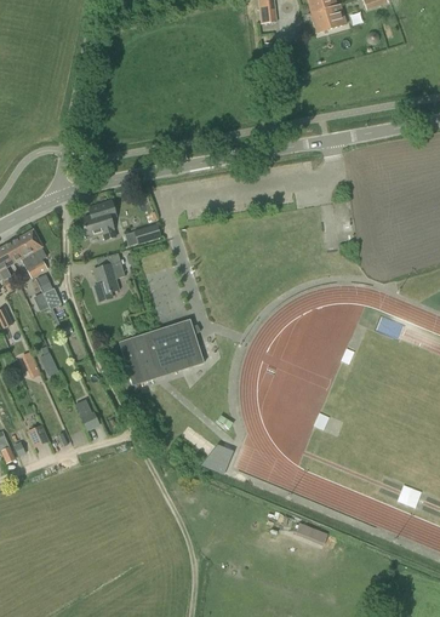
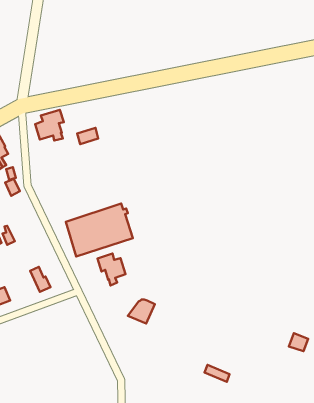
building: [93,252,125,301] -> none
building: none -> [97,254,125,285]

